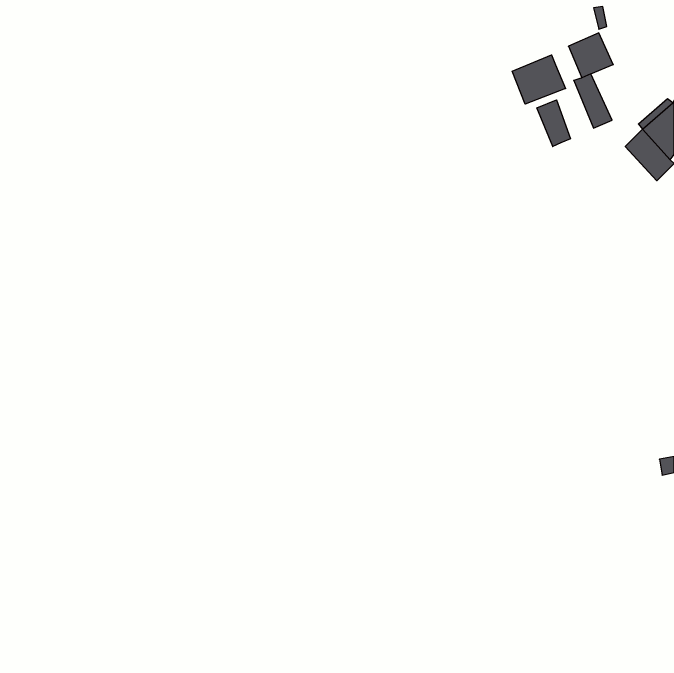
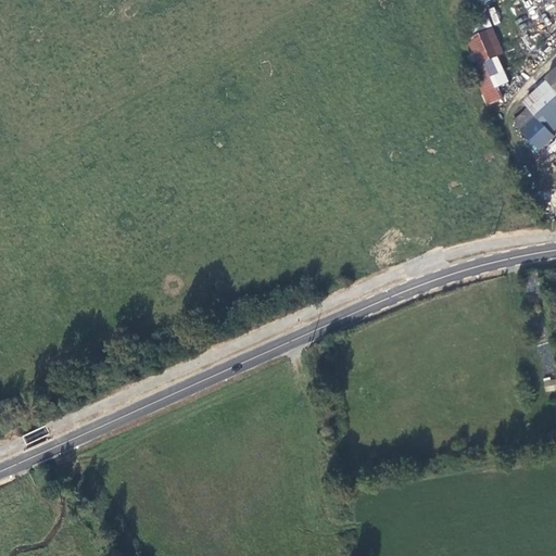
building: [512,55,566,104] -> none
building: [537,100,571,147] -> none

